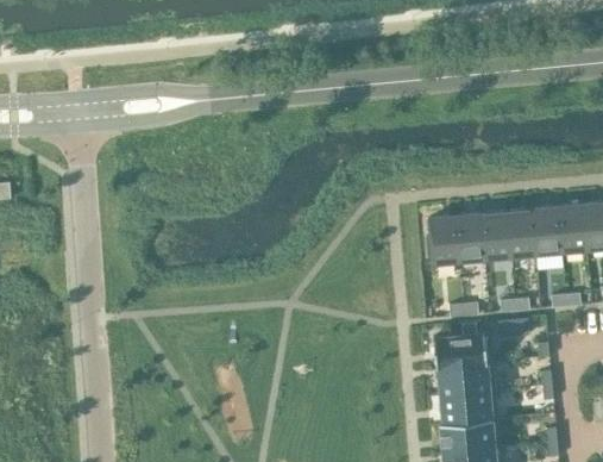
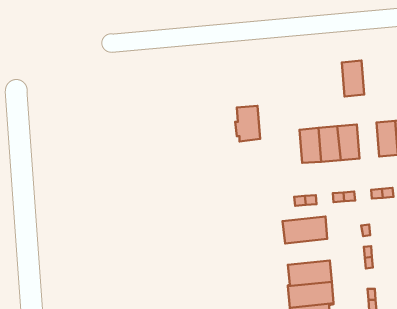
building: [532,207,561,255] -> [342,61,364,96]
building: [426,217,459,264] -> [235,106,260,142]
building: [436,362,496,397] -> none

